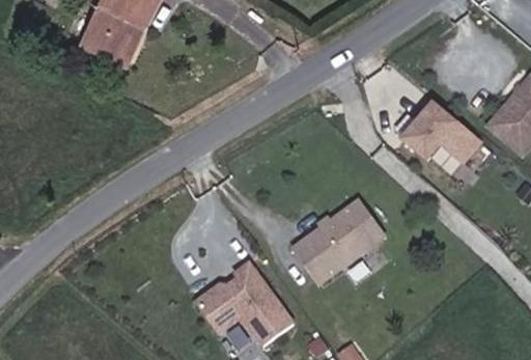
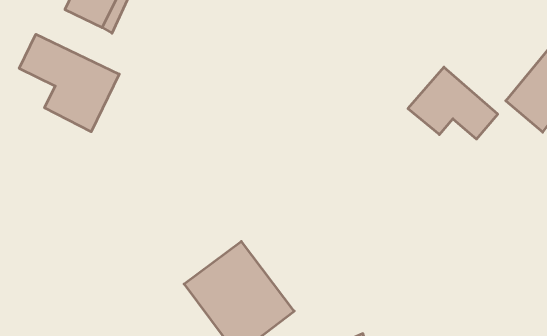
building: none -> [19,34,119,132]
building: [291,198,387,284] -> none

